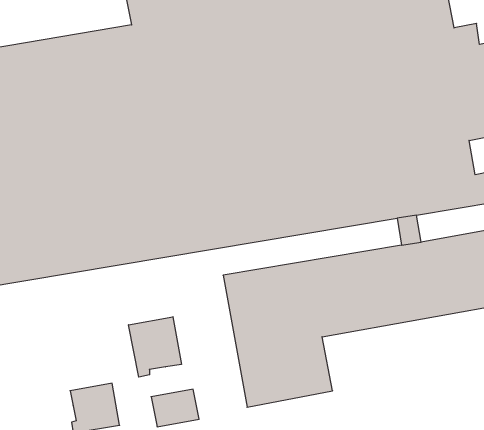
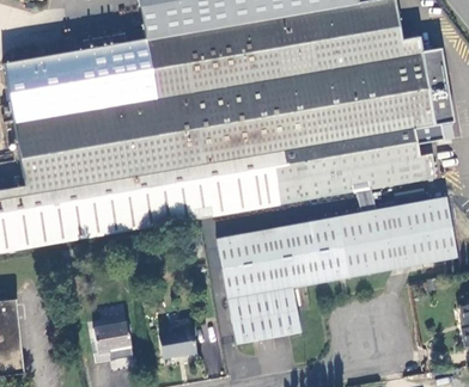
building: [129,317,181,377] -> none

